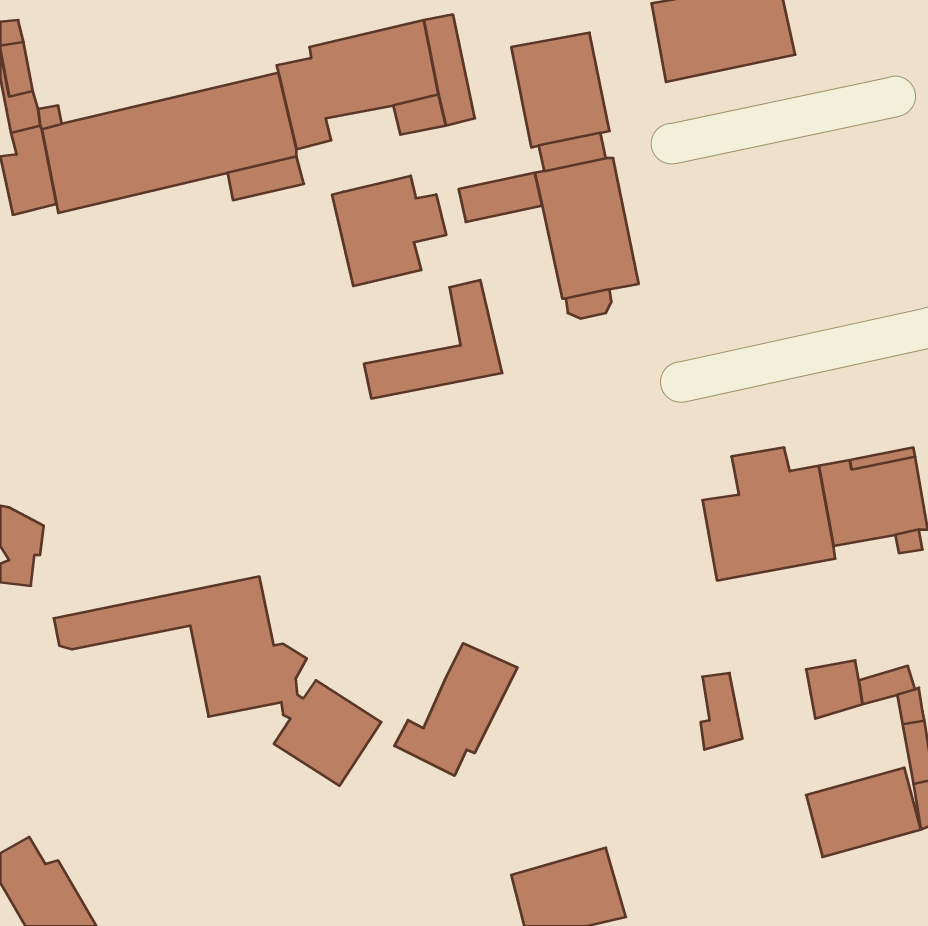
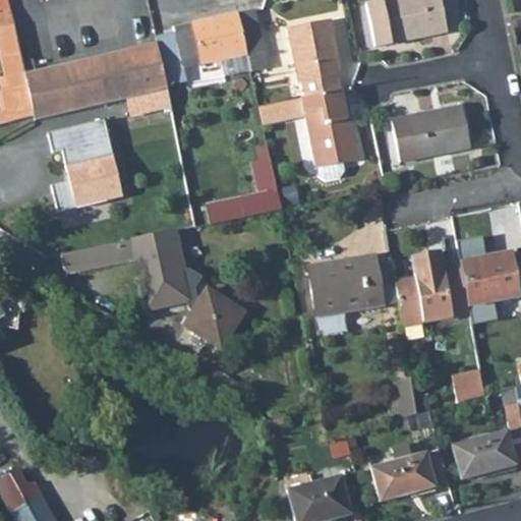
building: [332,176,446,286] -> none
building: none -> [391,104,470,161]
building: none -> [47,118,122,211]
building: none -> [306,253,383,315]
building: [54,577,381,786] -> [60,230,243,347]
building: [394,643,517,776] -> none
building: none -> [370,448,448,501]

